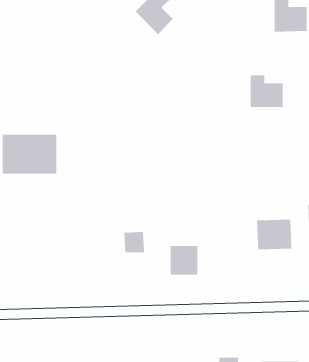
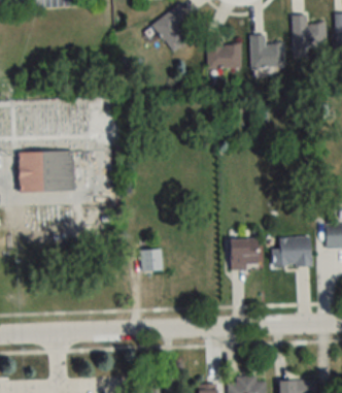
building: none -> [208,33,242,67]
building: [250,75,283,108] -> [250,34,284,67]
building: [170,246,198,275] -> [231,239,260,269]

